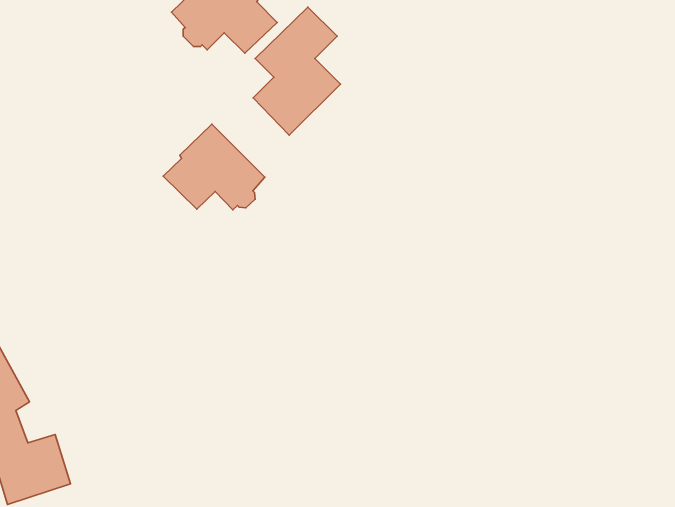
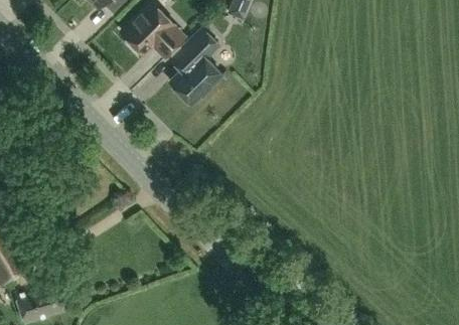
building: [163,124,265,210] -> none

